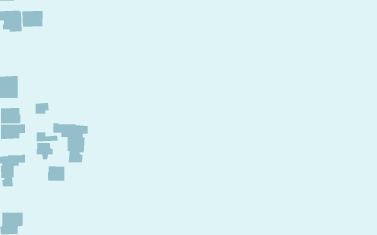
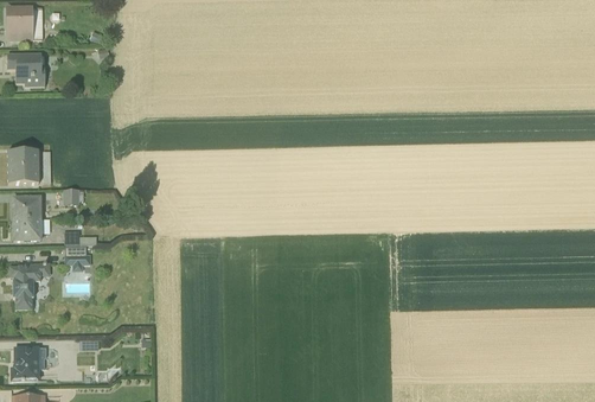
building: [22,10,43,27] -> none
building: [53,122,88,163] -> none
building: [47,165,65,181] -> none

